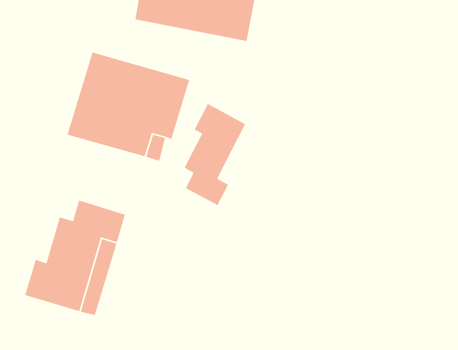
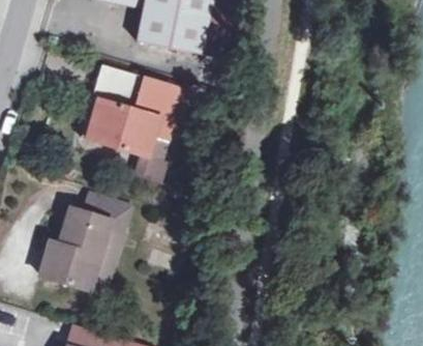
building: [184,103,246,206] -> none

